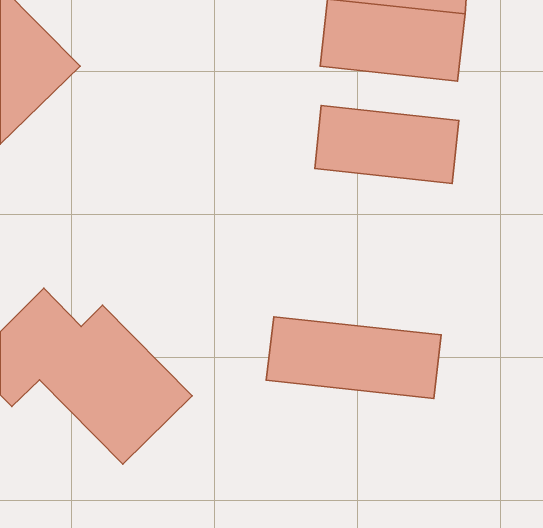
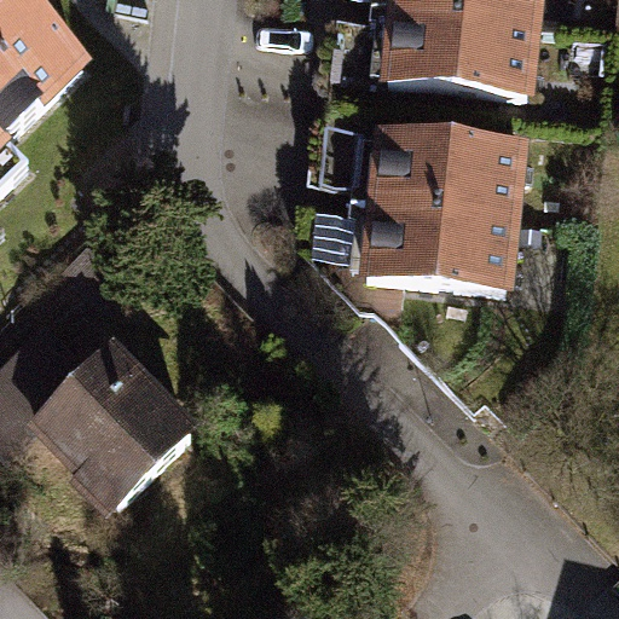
building: none -> [351,191,515,284]
building: [266,317,441,398] -> none

